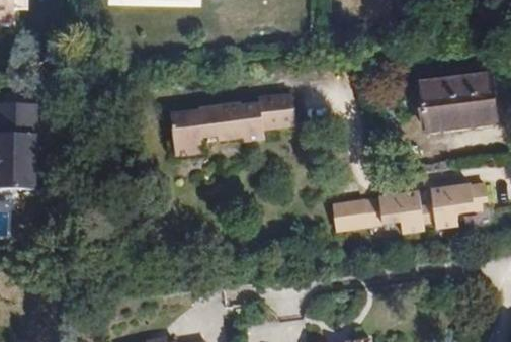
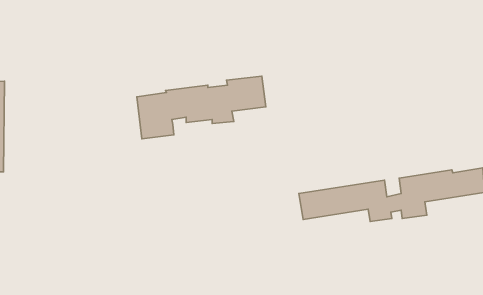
building: [418,72,497,129] -> none

